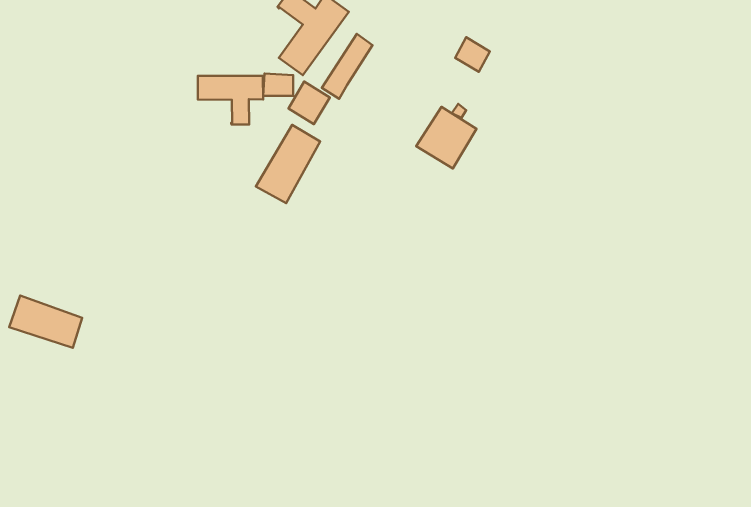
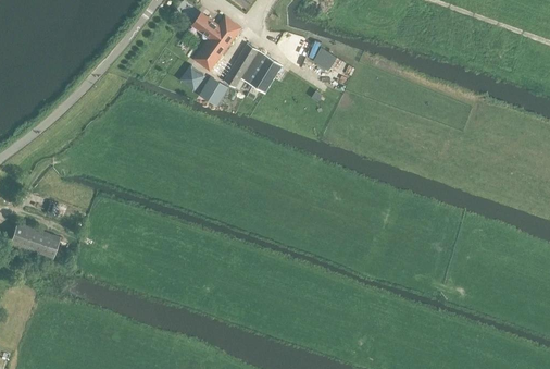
building: [198,76,263,125] -> none
building: [416,107,477,169] -> [240,51,282,94]
building: [256,125,320,203] -> none

